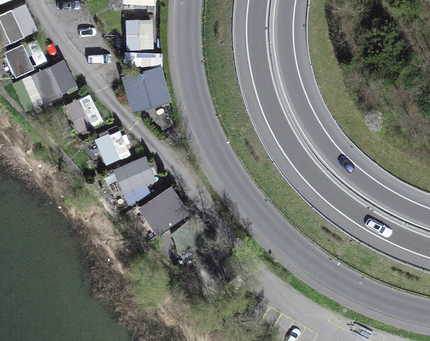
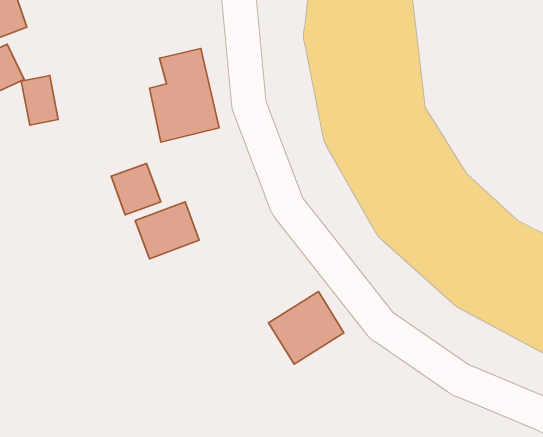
building: [125,20,154,50] -> none
building: [66,95,101,131] -> none
building: [136,187,189,238] -> [269,292,344,364]

